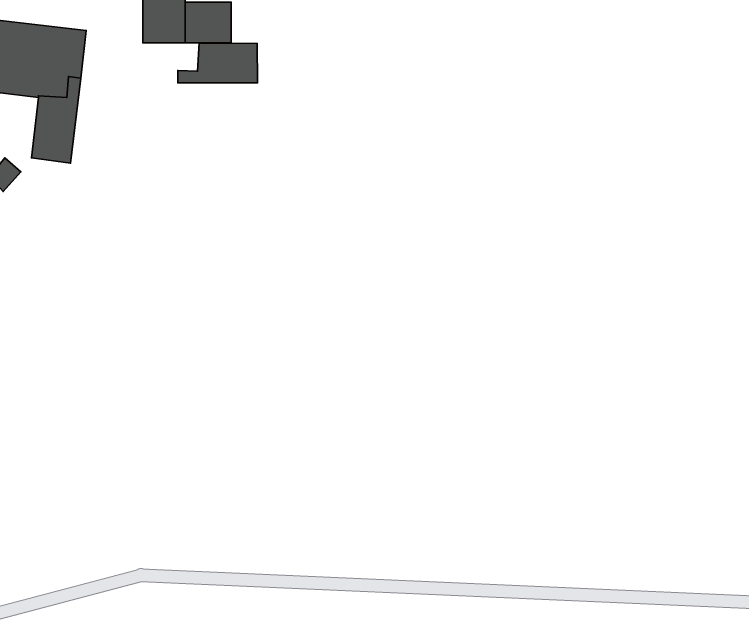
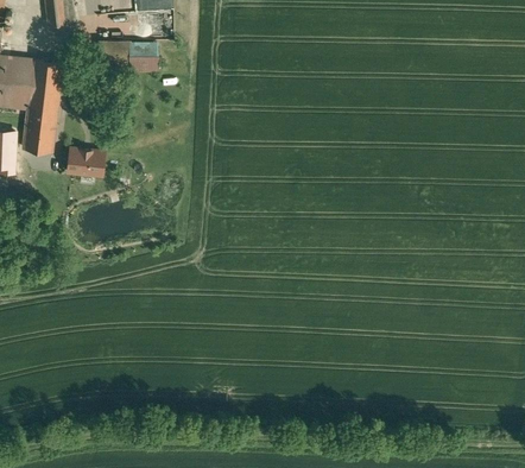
building: [178,43,257,83] -> none
building: none -> [68,148,105,176]

